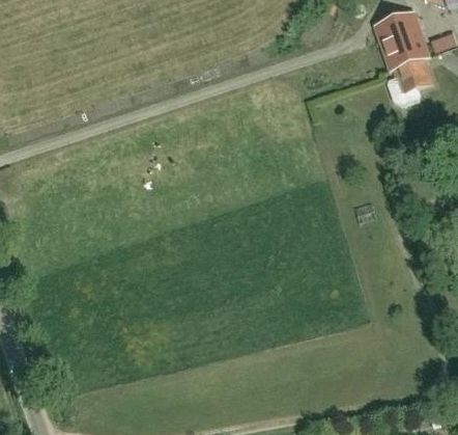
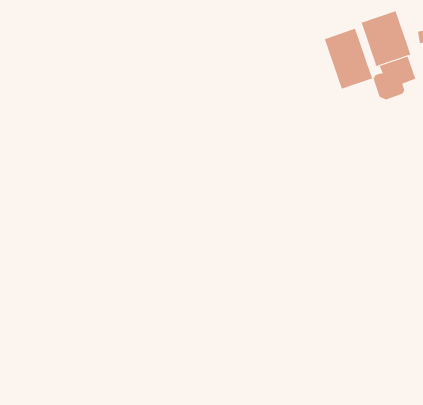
building: none -> [324,28,373,90]

